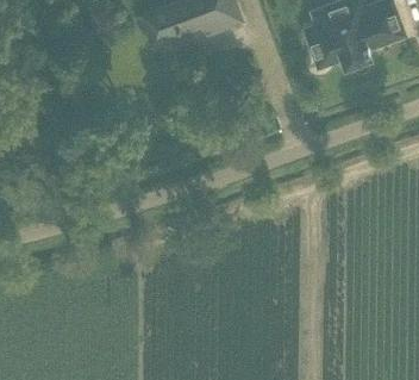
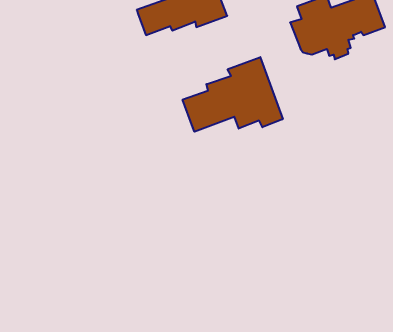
building: none -> [183,57,283,132]

